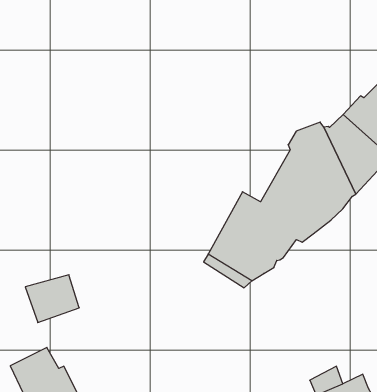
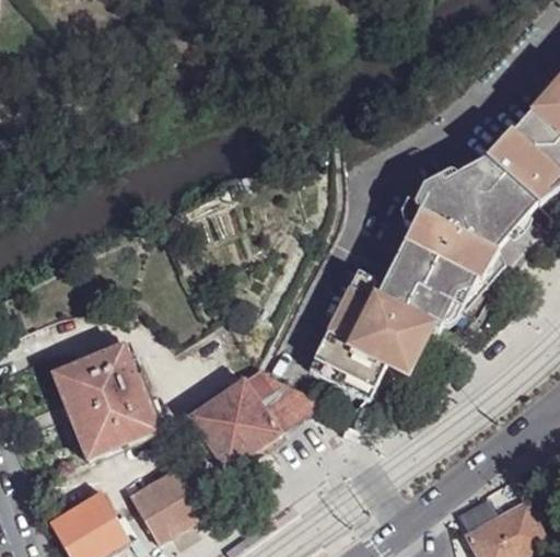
building: none -> [54,350,156,437]
building: none -> [188,369,327,469]
building: none -> [130,466,205,542]

